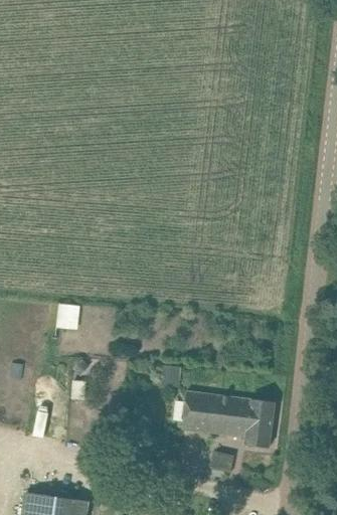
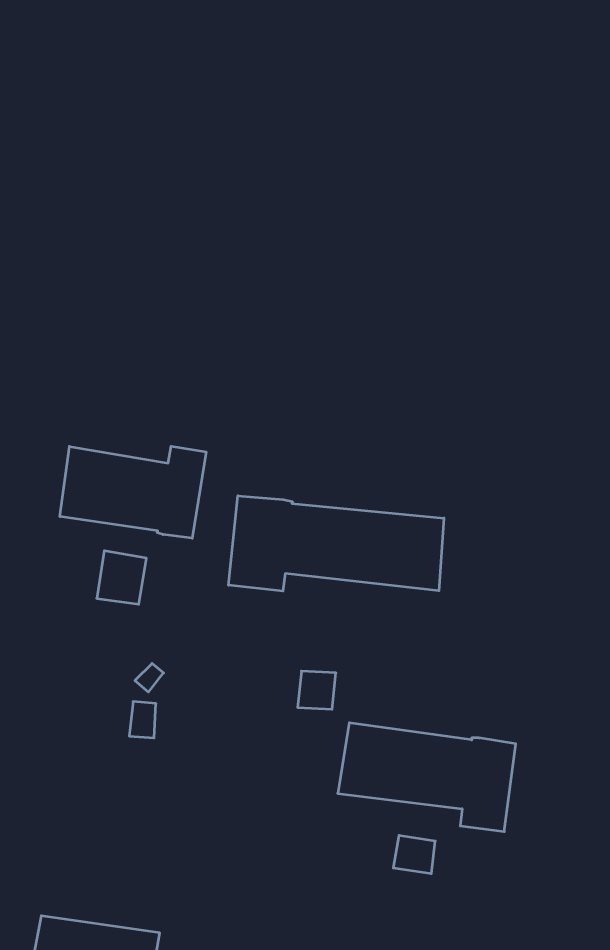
building: none -> [60,446,206,538]
building: none -> [229,496,444,591]

